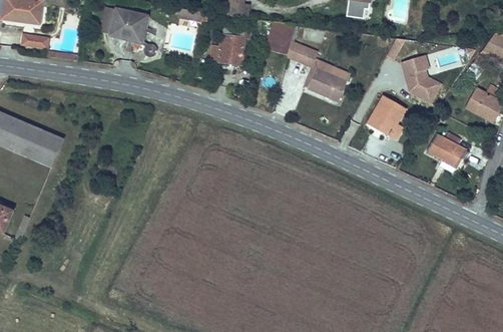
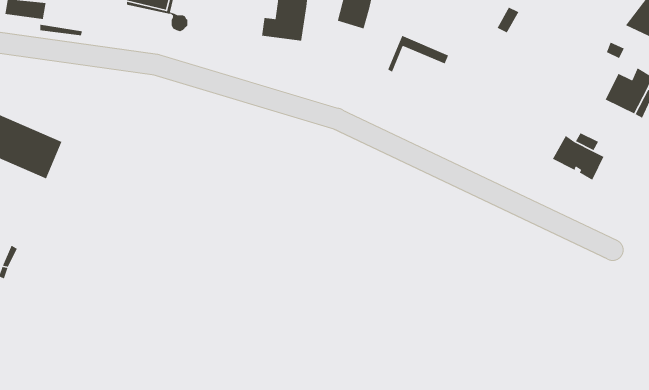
building: [287,41,318,66] -> none
building: [400,53,440,102] -> none
building: [308,68,347,100] -> none
building: [368,96,405,138] -> none

